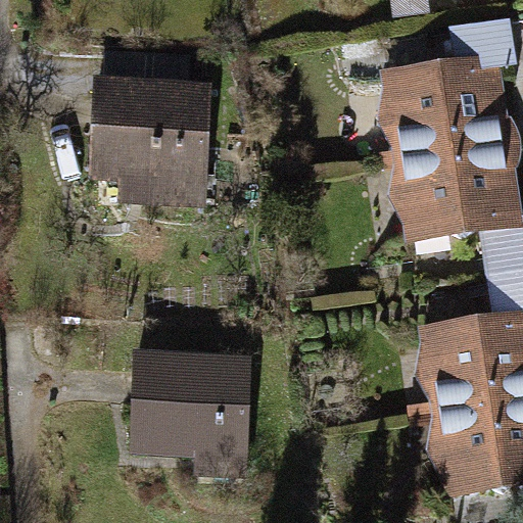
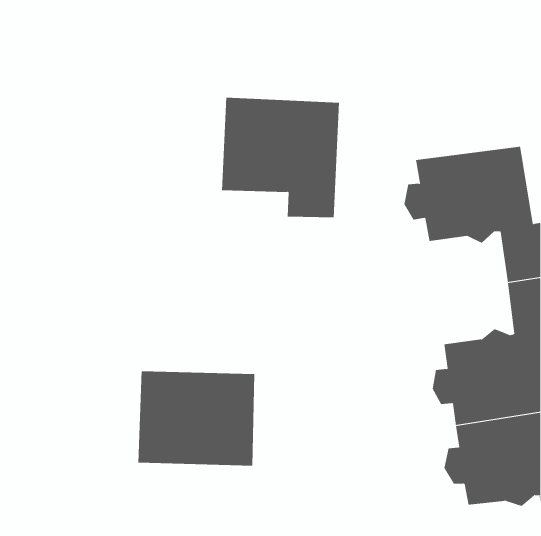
building: [378,18,514,154] -> none
building: [92,83,206,199] -> [221,97,340,218]

